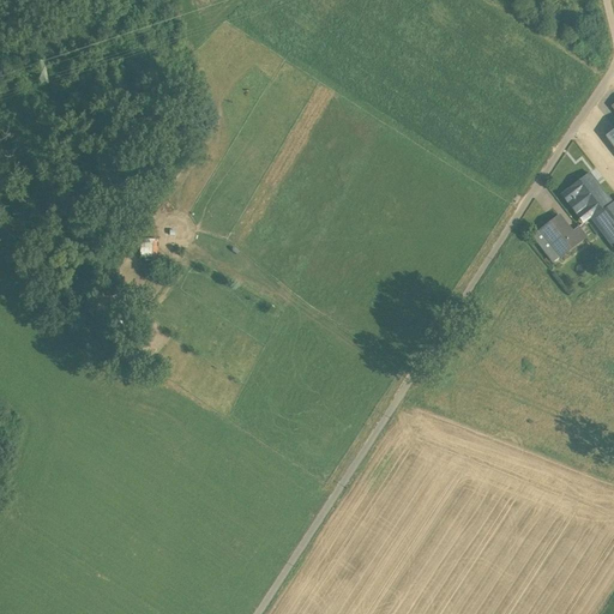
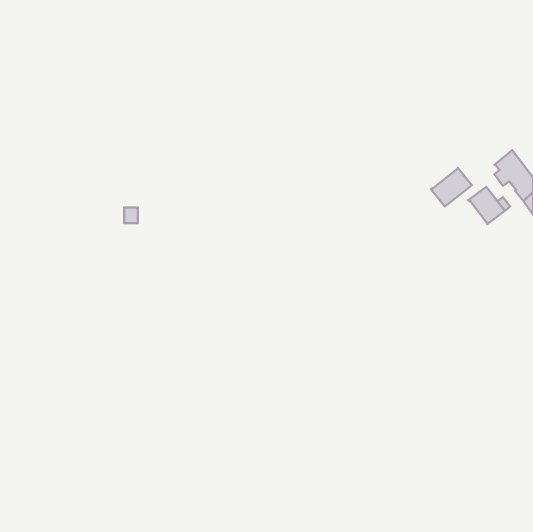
building: none -> [431,168,472,207]

